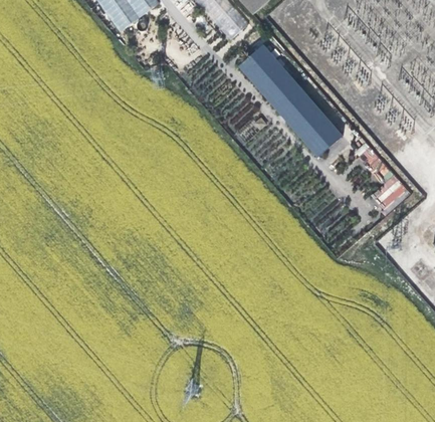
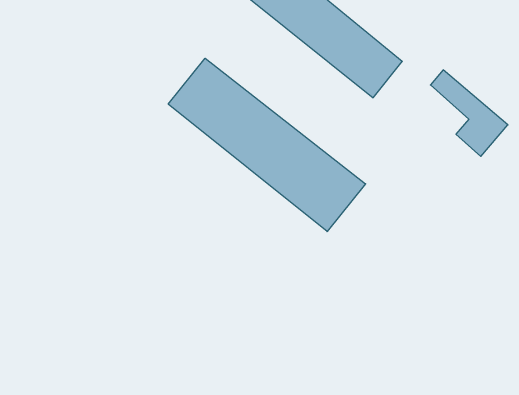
building: none -> [168,58,366,232]

